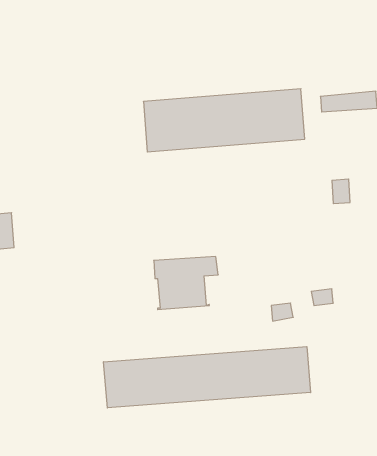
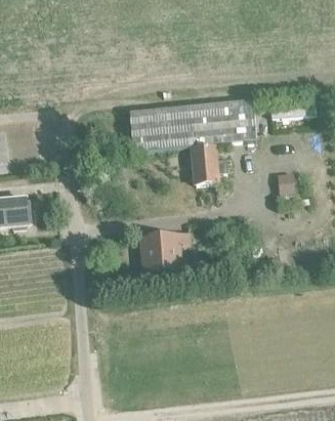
building: none -> [191,145,225,185]
building: [104,347,311,408] -> none

